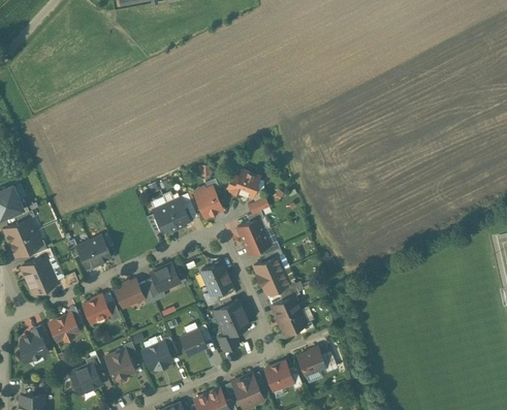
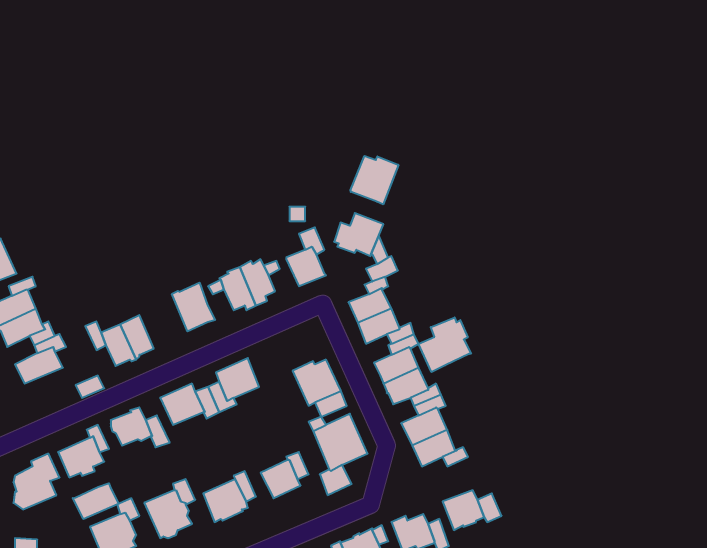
building: none -> [351,156,398,204]
building: none -> [172,283,215,331]
building: none -> [419,317,471,372]
building: [27,270,57,293] -> none
building: none -> [73,483,118,519]

